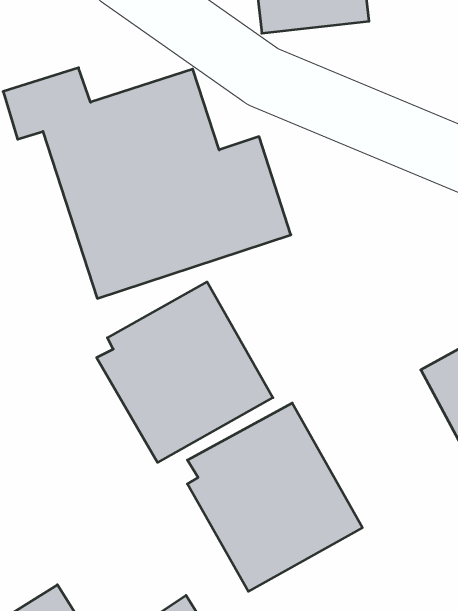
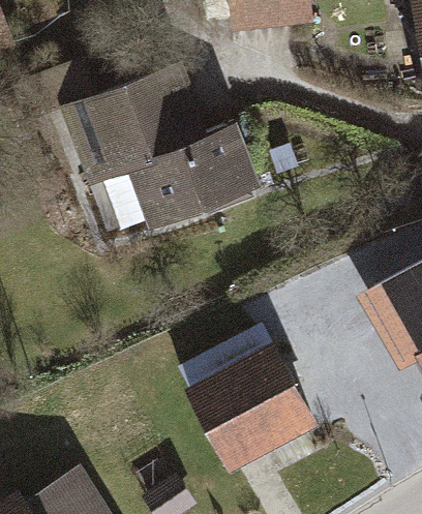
building: [97,282,273,462] -> none

